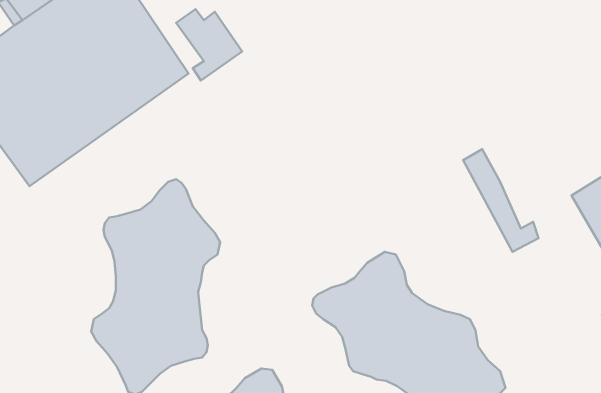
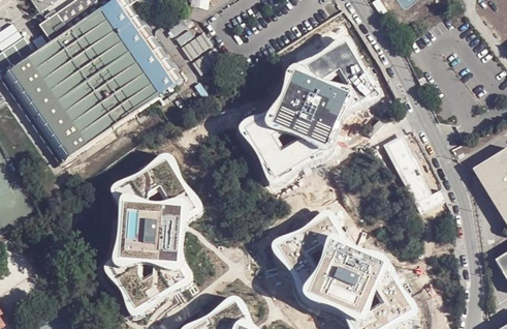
building: none -> [242,31,374,180]

